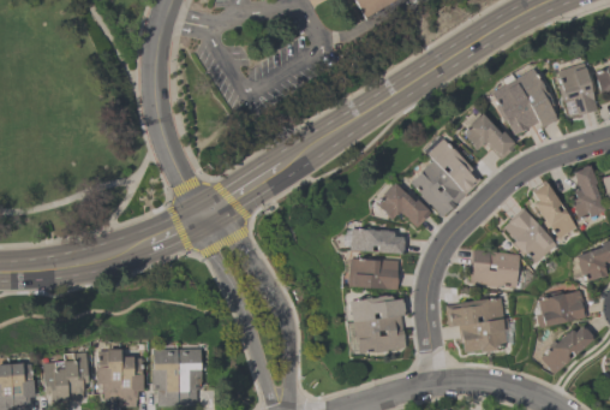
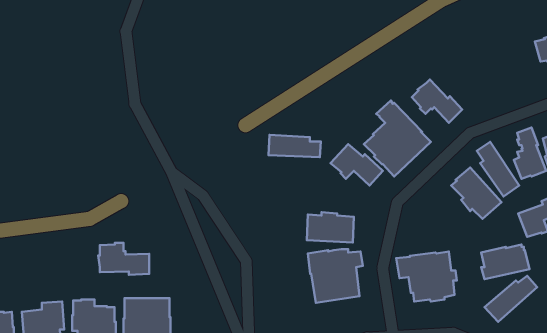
building: [556,63,597,117] -> none
building: [490,69,557,136] -> none
building: [349,228,406,252] -> [268,135,321,157]
building: [471,250,520,287] -> none
building: none -> [98,243,149,275]

